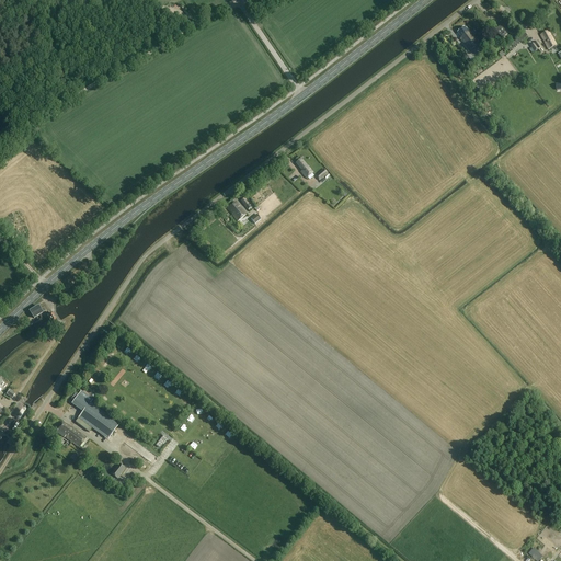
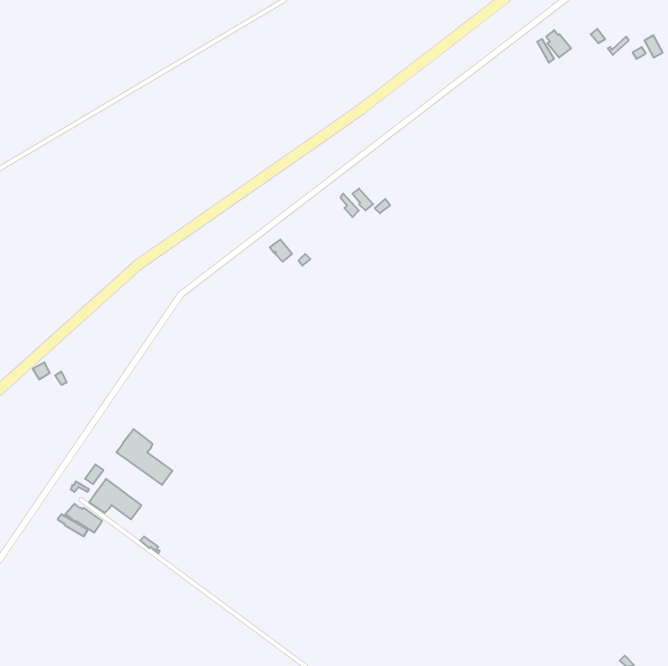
building: none -> [116,429,172,485]

